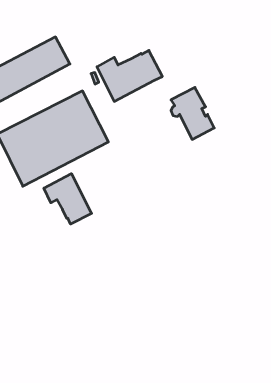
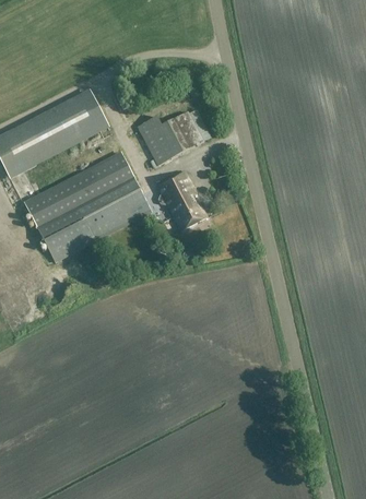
building: [171,87,214,139] -> [157,170,206,229]
building: [44,174,92,224] -> none

